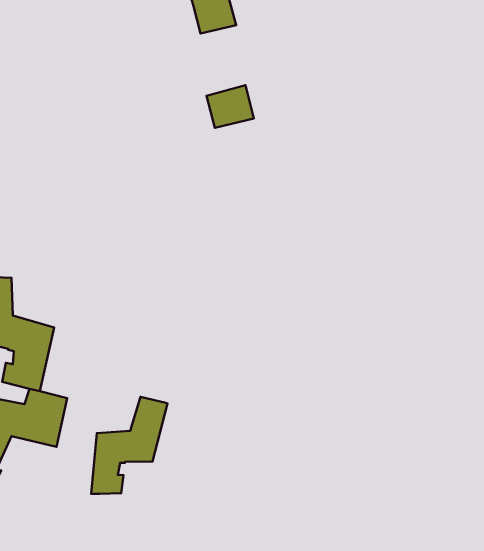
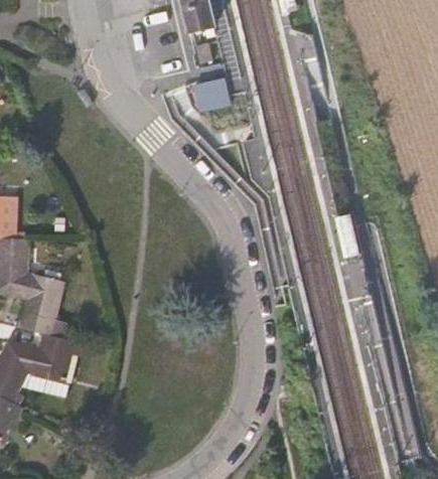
building: [91,397,168,494] -> none

